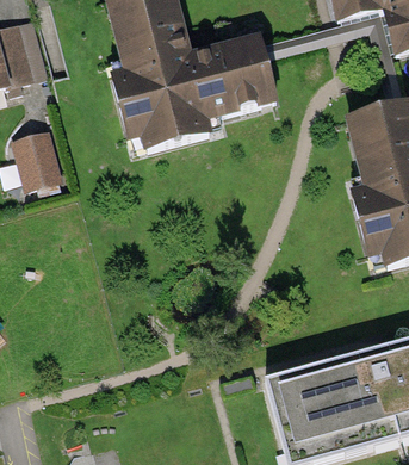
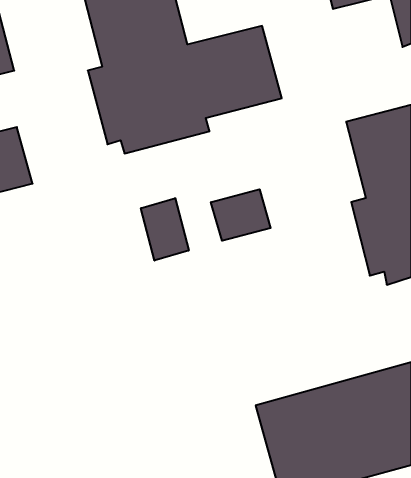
building: none -> [211,189,271,241]
building: none -> [141,198,189,261]

